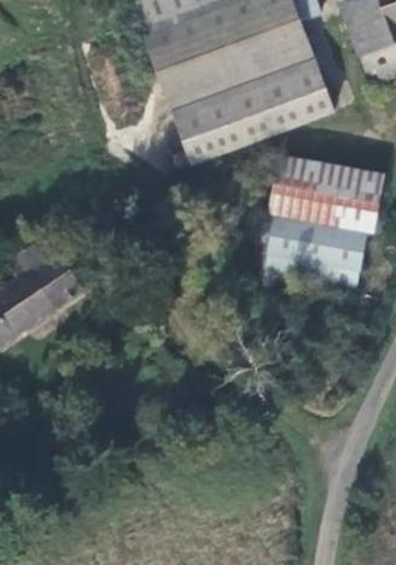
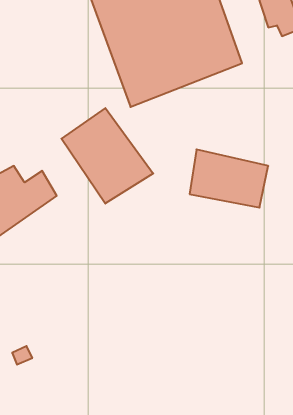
building: [270,154,380,229] -> none
building: none -> [61,108,153,204]

